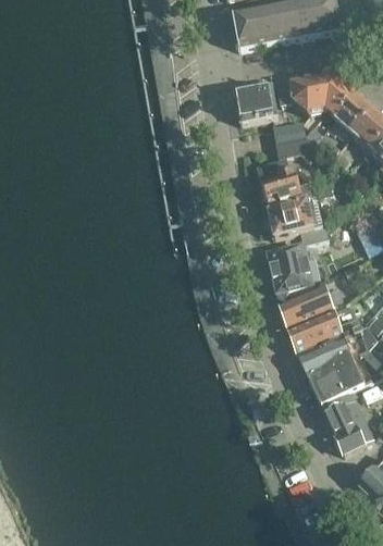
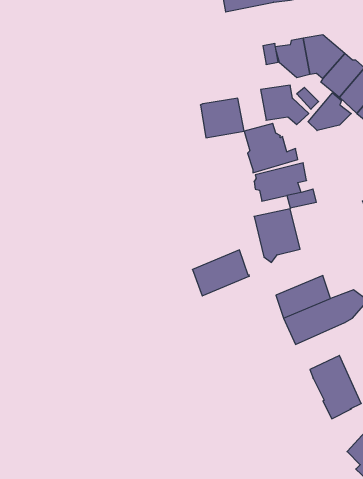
building: [234,82,277,121] -> [200,98,244,138]
building: none -> [308,93,351,131]
building: [279,283,335,328] -> [192,250,249,296]
building: [308,356,369,402] -> none

